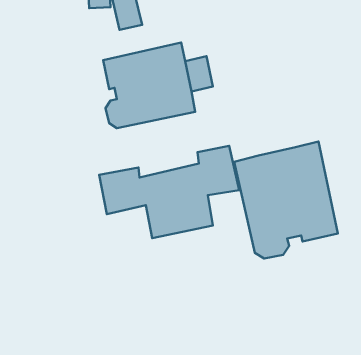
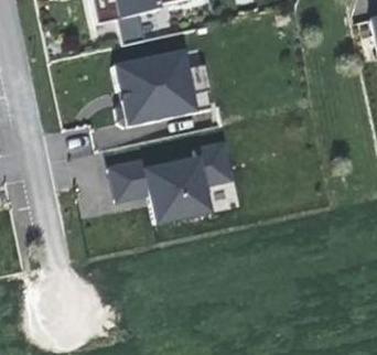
building: [234,142,338,258] -> none

